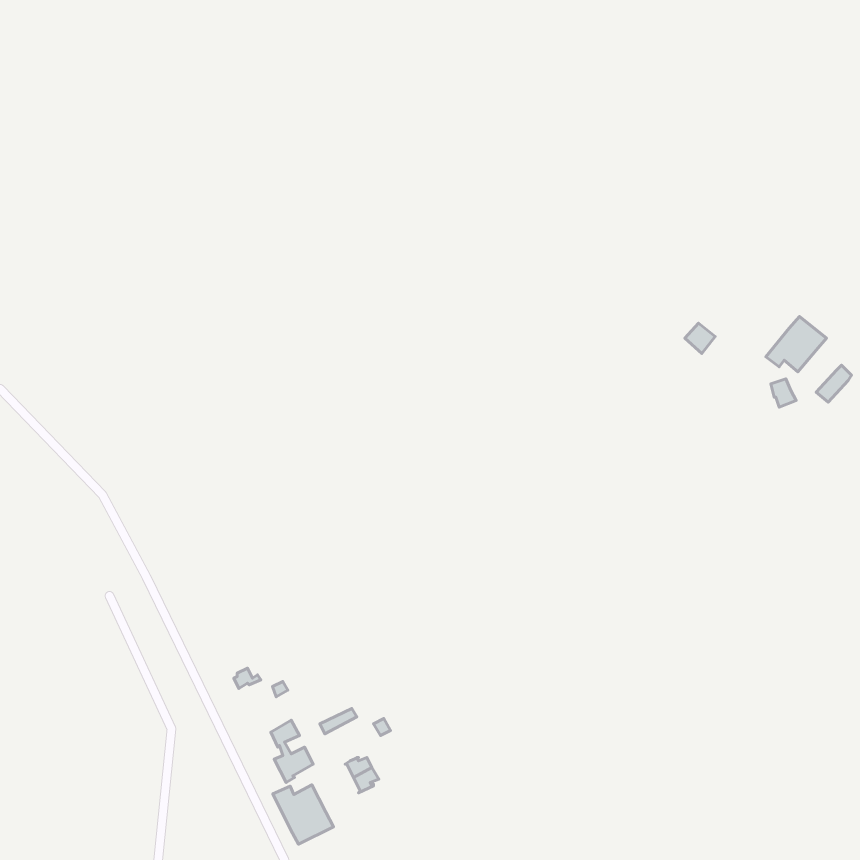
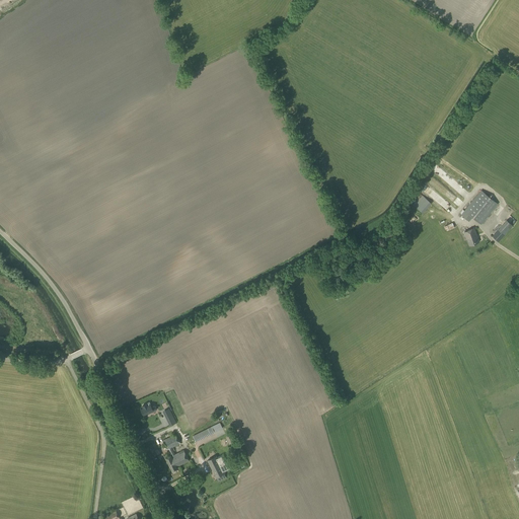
building: [273,785,334,844] -> none

